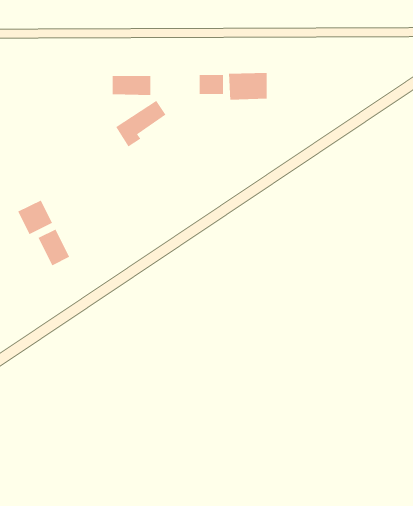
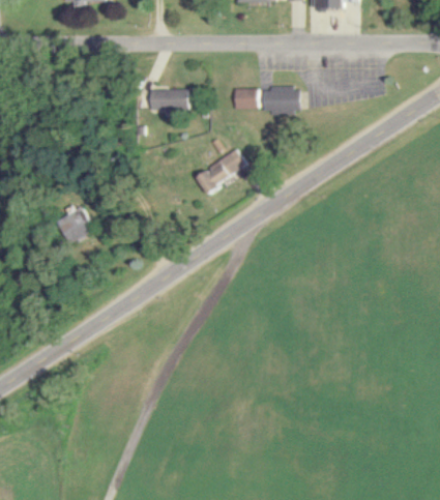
building: [115,100,166,148] -> [196,149,244,195]
building: [38,228,70,266] -> none

